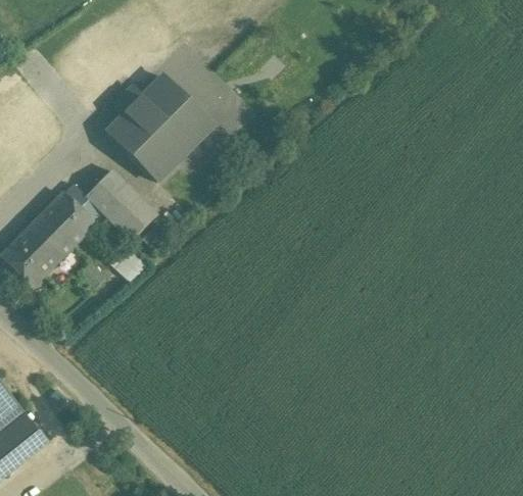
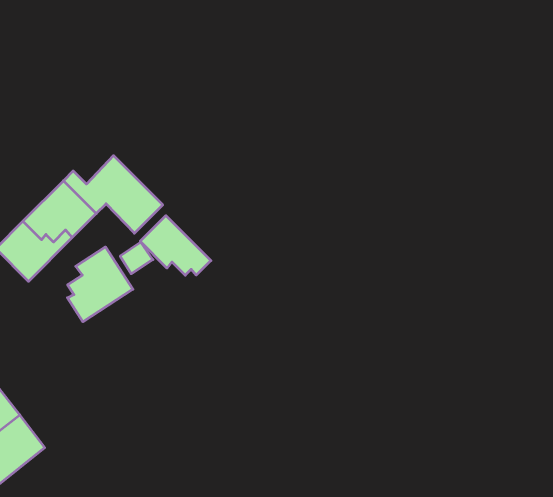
building: [107,76,211,180] -> none
building: none -> [140,216,211,275]
building: none -> [67,247,133,322]

